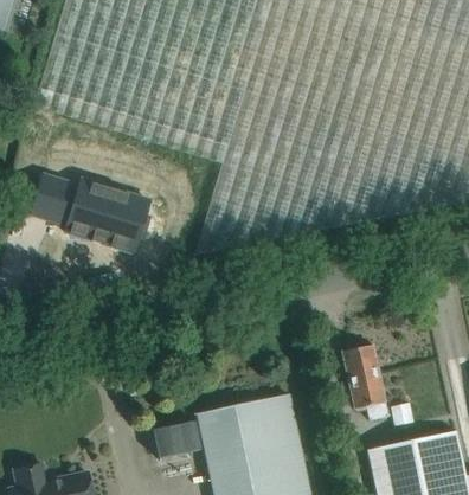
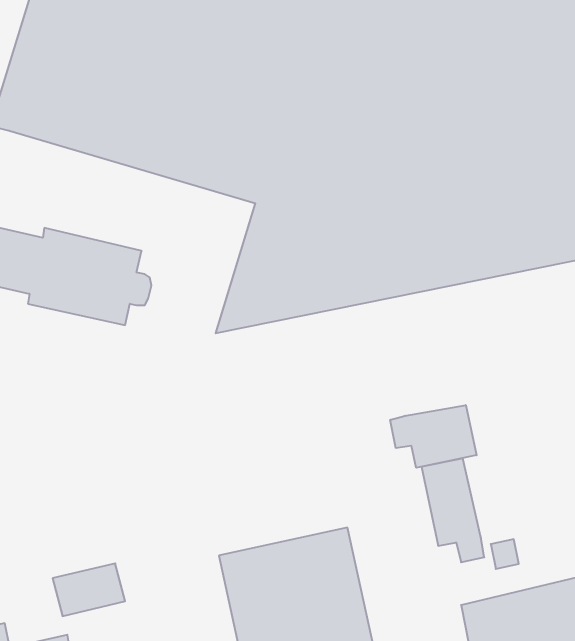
building: none -> [390,405,477,468]
building: [153,419,205,457] -> [53,563,125,616]

